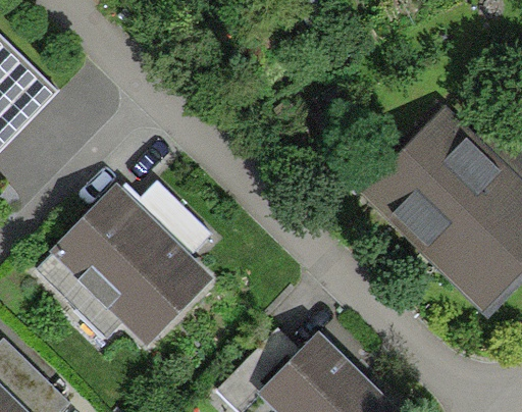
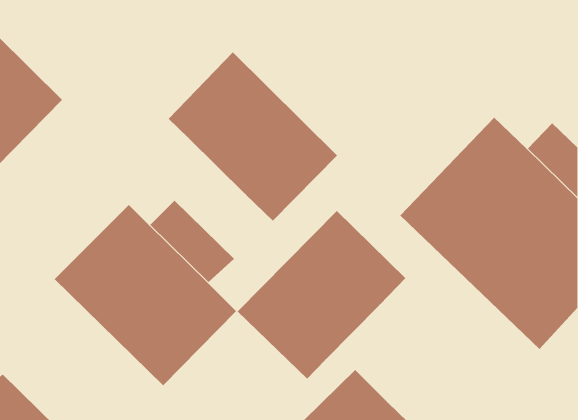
building: none -> [168,52,338,222]
building: none -> [237,210,406,379]

